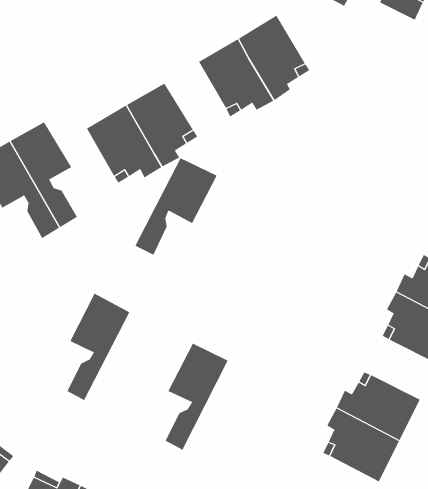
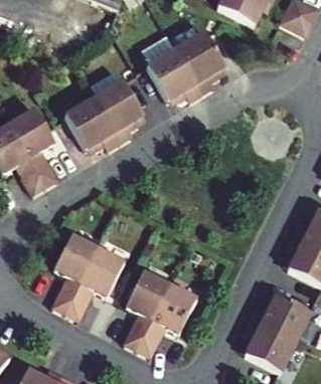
building: [134,157,217,256] -> [64,249,125,321]
building: none -> [136,284,195,357]

